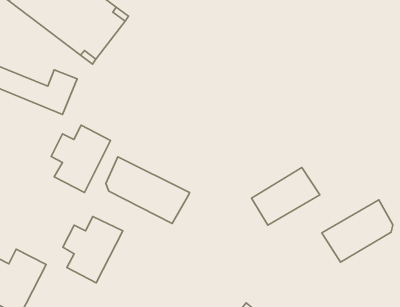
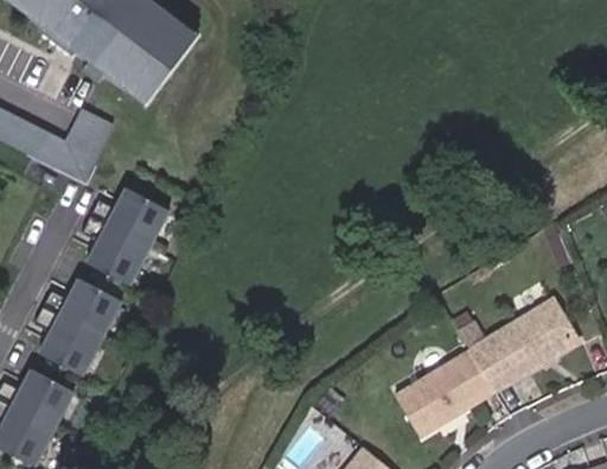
building: [106,157,190,224] -> none
building: [252,167,320,225] -> [402,349,501,433]
building: [63,216,123,283] -> [32,281,120,378]

